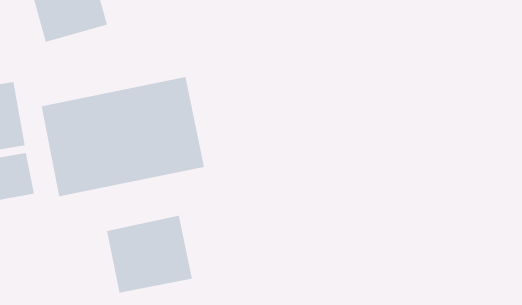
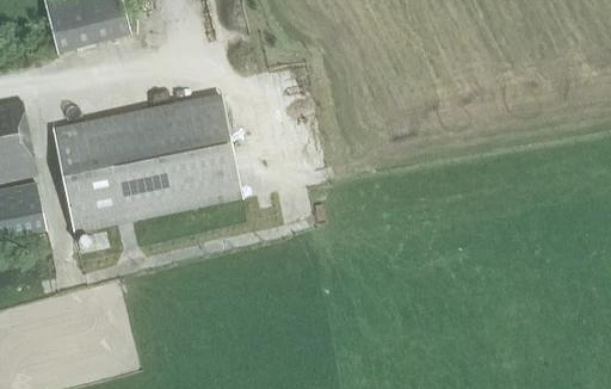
building: [107,215,192,293] -> none

